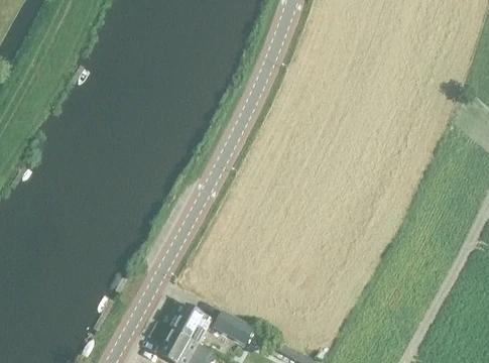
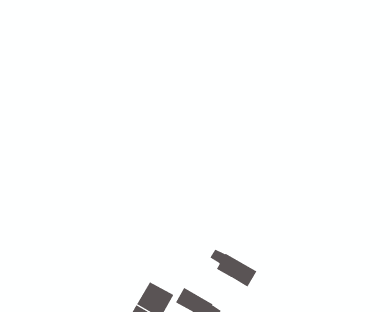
building: none -> [210,249,257,287]

